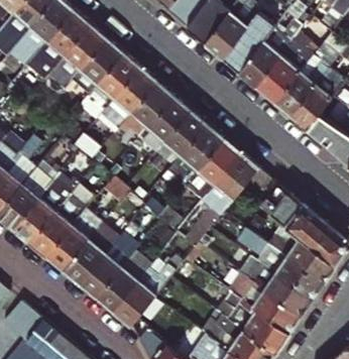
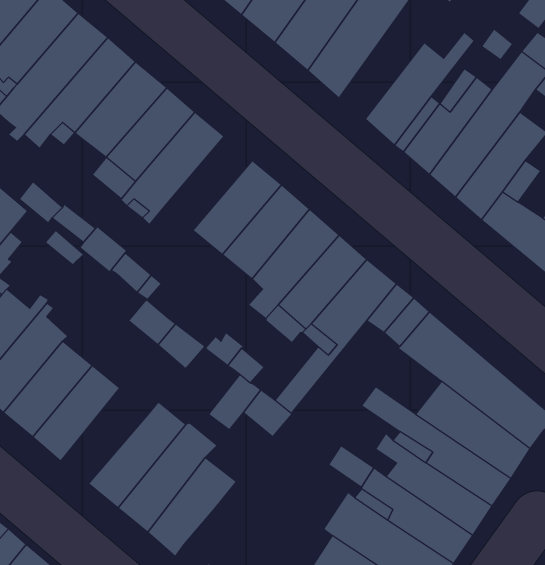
building: [224,13,274,72] -> none
building: [123,82,173,136] -> none
building: [63,228,114,283] -> none

